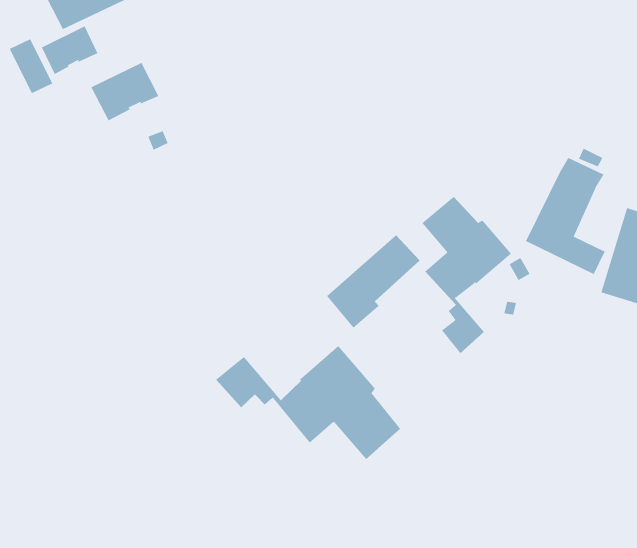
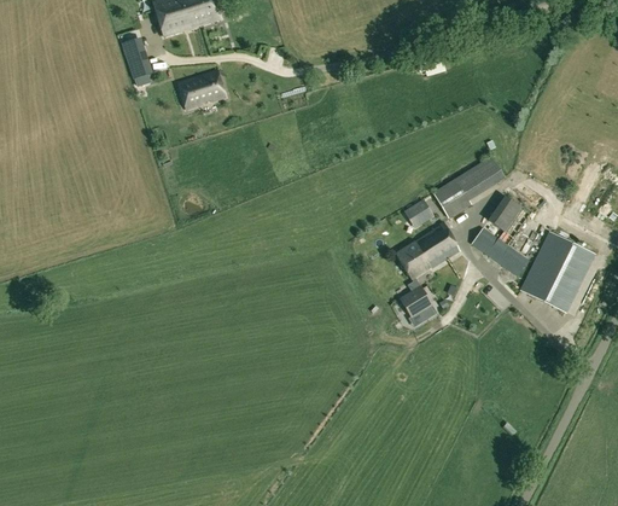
building: [41,25,98,75] -> none
building: [326,234,421,329] -> [433,156,506,219]
building: [215,345,401,460] -> none

